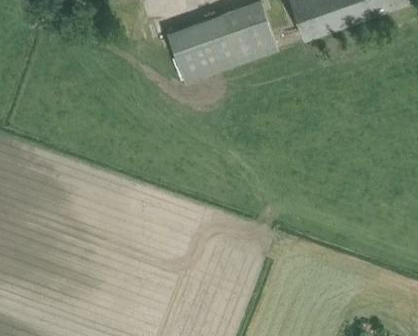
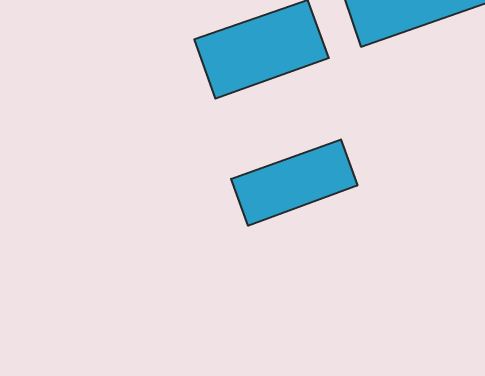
building: none -> [231,139,357,226]

